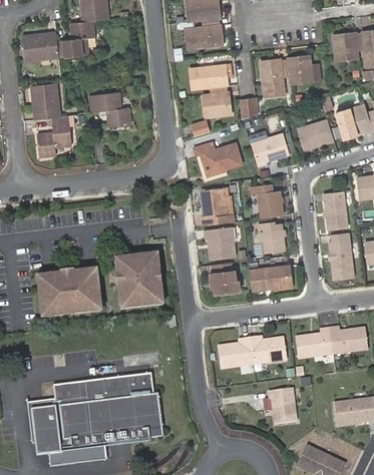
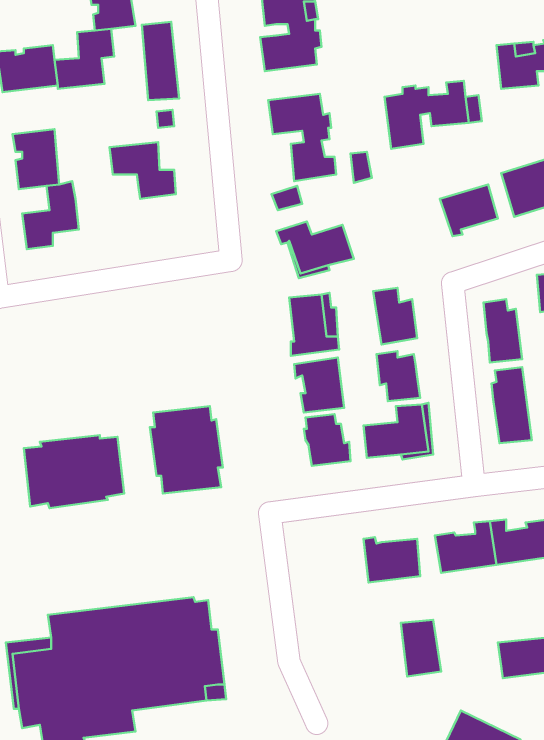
building: none -> [142,22,179,100]
building: [250,132,289,165] -> none
building: [216,339,252,371] -> none

